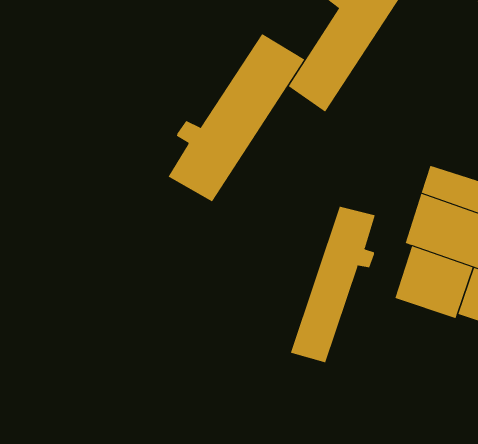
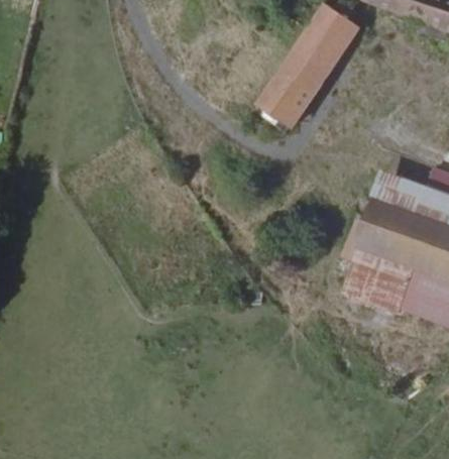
building: [168,33,305,202] -> none
building: [290,206,375,363] -> none

